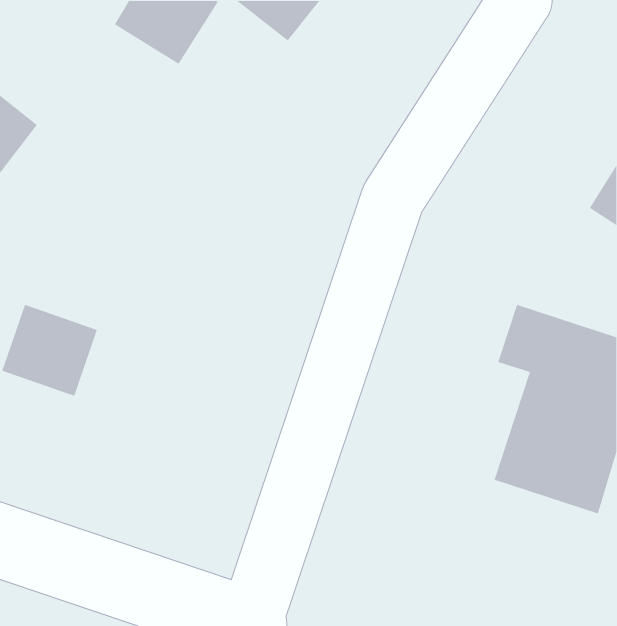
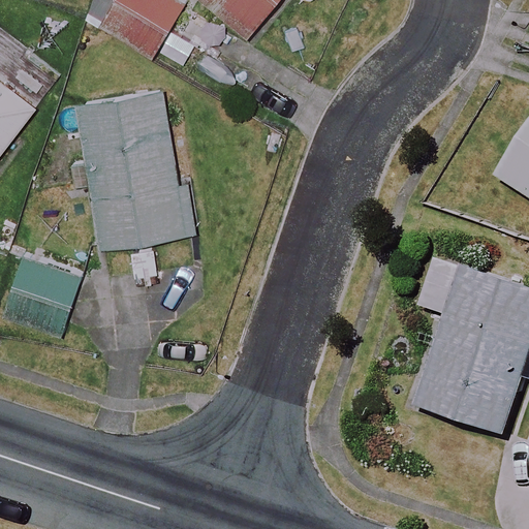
building: none -> [79,90,184,243]

